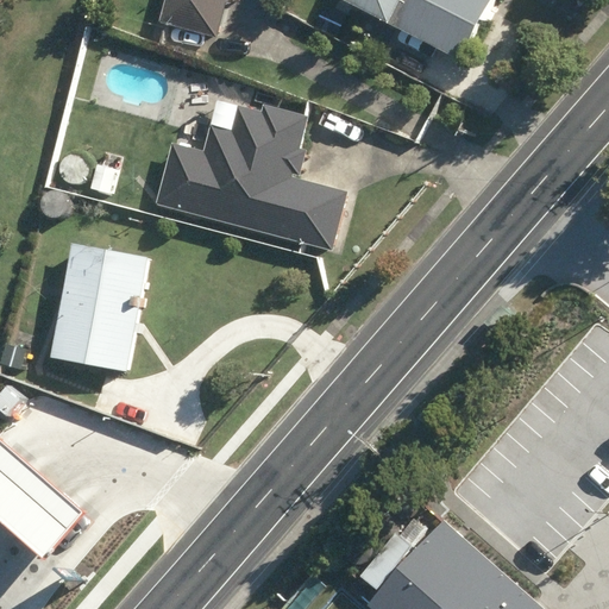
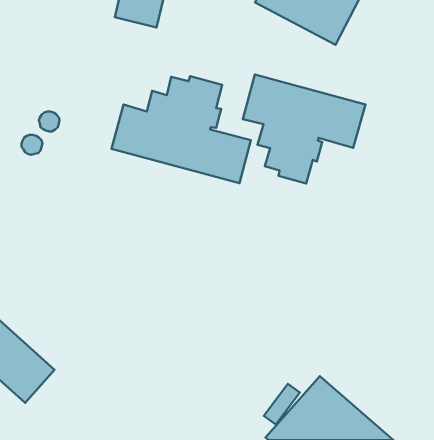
building: none -> [243,75,365,183]
building: [51,246,147,373] -> none

